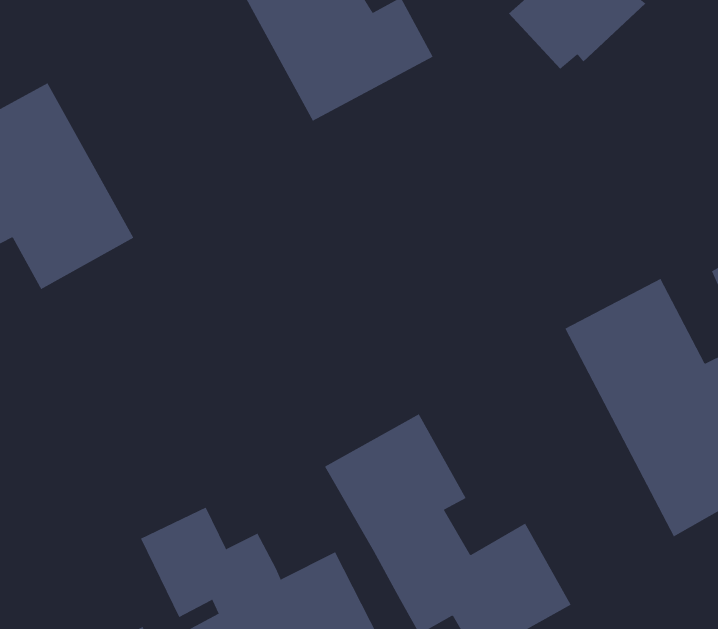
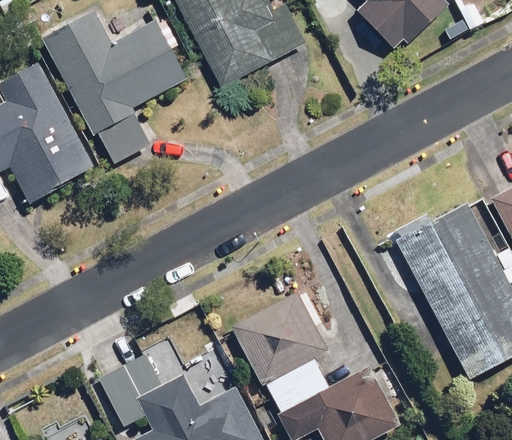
building: none -> [39,6,188,168]

